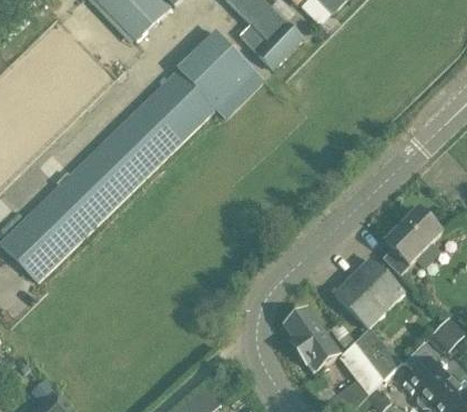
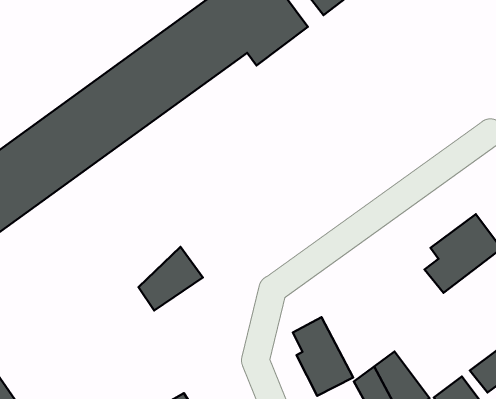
building: [334,257,404,328] -> none
building: none -> [138,247,203,310]

